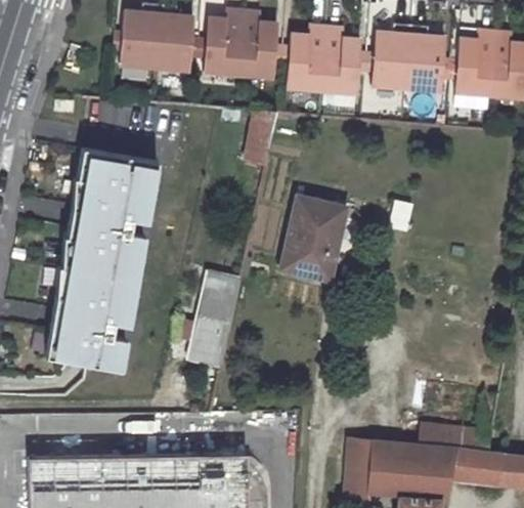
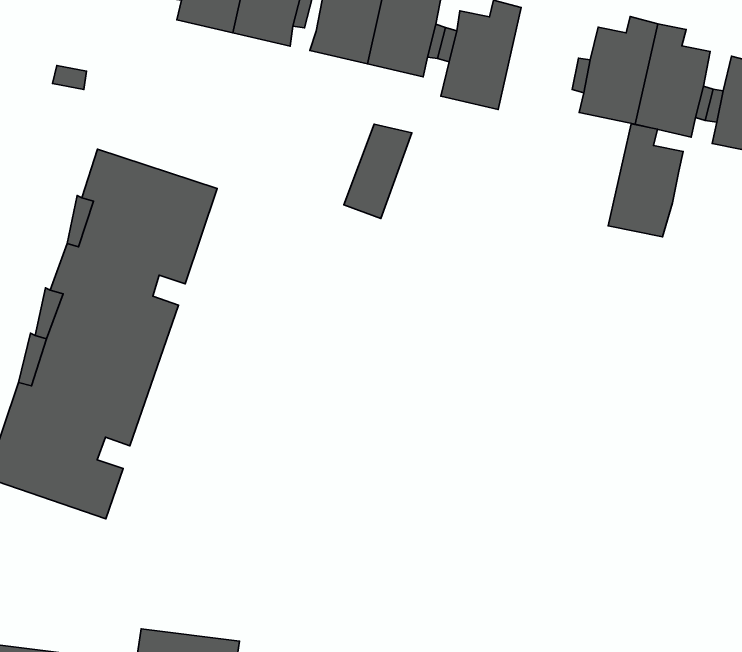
building: [325,28,364,93] -> [608,124,683,237]
building: [274,195,348,285] -> none
building: [184,272,238,370] -> none

